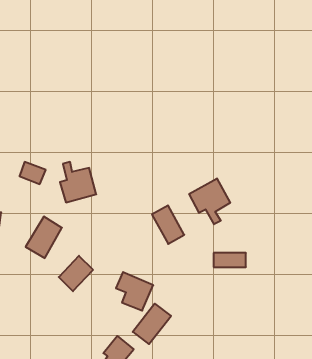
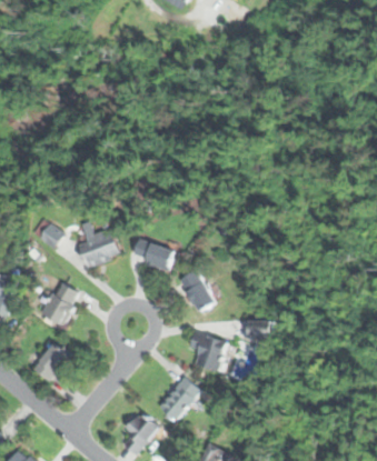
building: none -> [131,238,173,269]
building: [189,178,230,224] -> none
building: [59,256,93,291] -> [31,342,69,381]
building: [116,272,153,311] -> [187,330,228,372]

